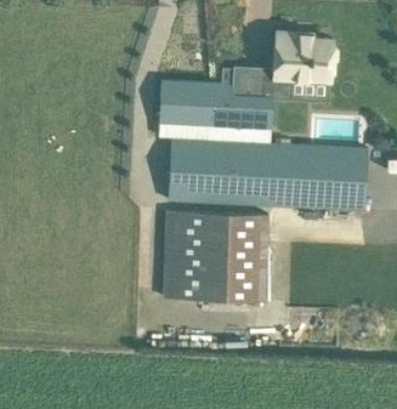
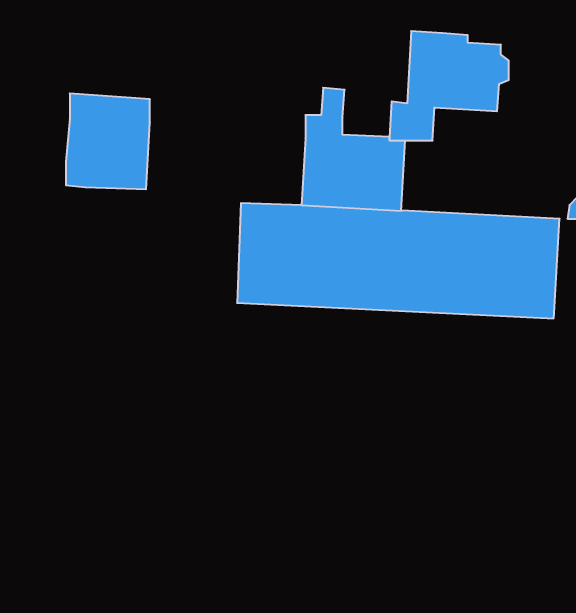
building: [159,80,211,140] -> [66,93,150,189]
building: [163,212,270,302] -> none

